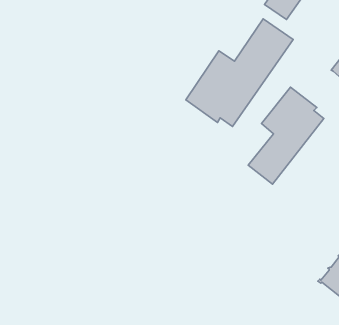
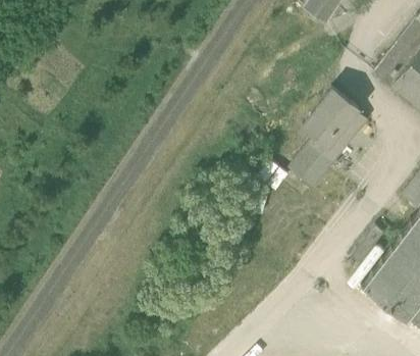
building: [186,19,293,126] -> none

